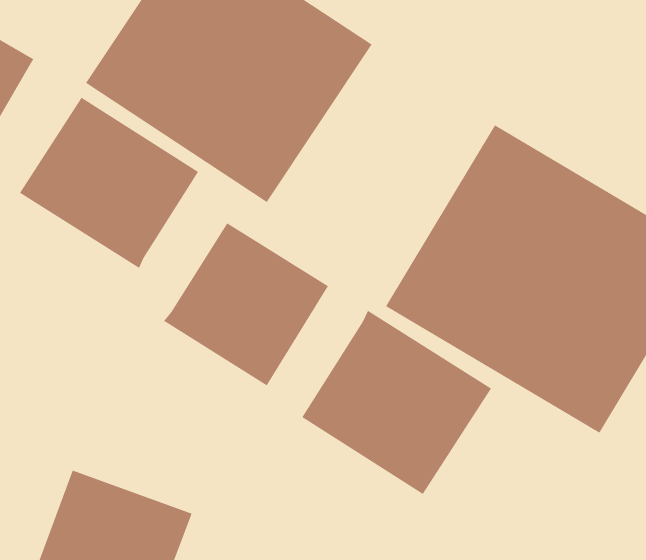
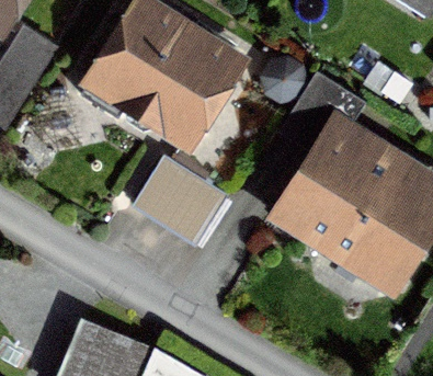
building: [19,97,199,269] -> none
building: [302,310,492,495] -> none

